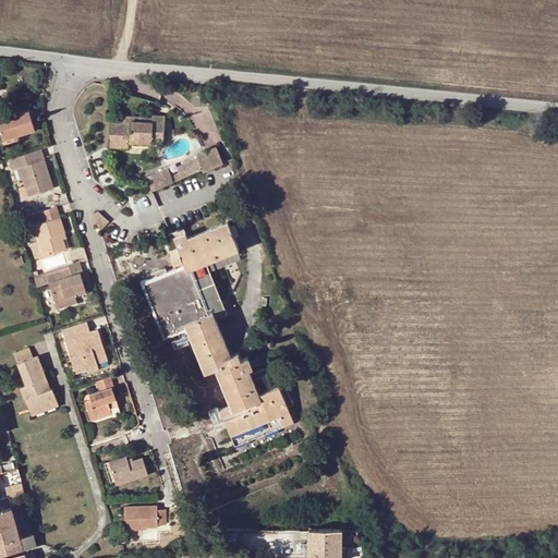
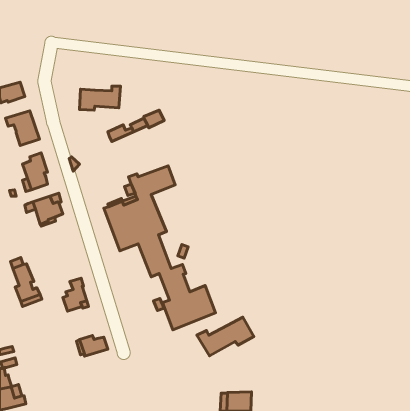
building: [62,324,106,373] -> none
building: none -> [197,317,254,356]
building: [123,507,157,531] -> none

